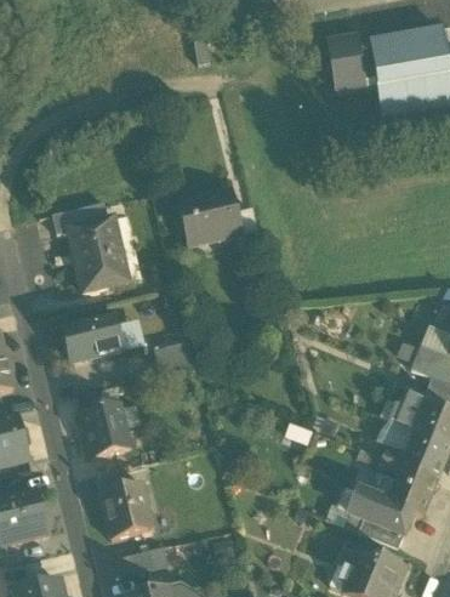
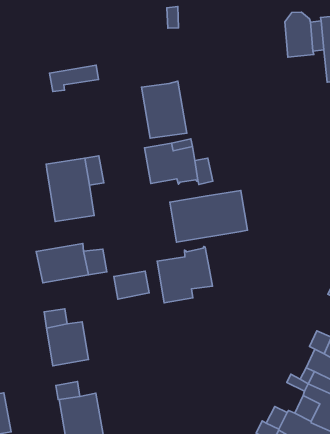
building: none -> [141,81,187,138]
building: [52,204,108,237] -> [50,65,98,92]
building: none -> [170,190,248,242]
building: none -> [157,247,212,303]

